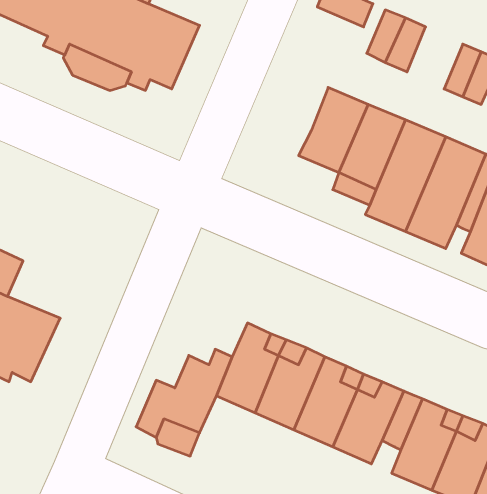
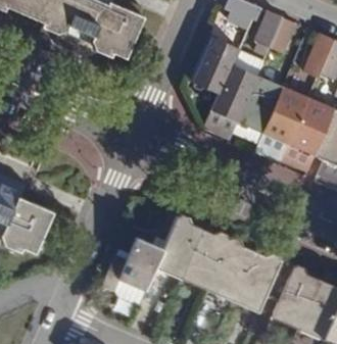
building: none -> [193,33,239,90]

